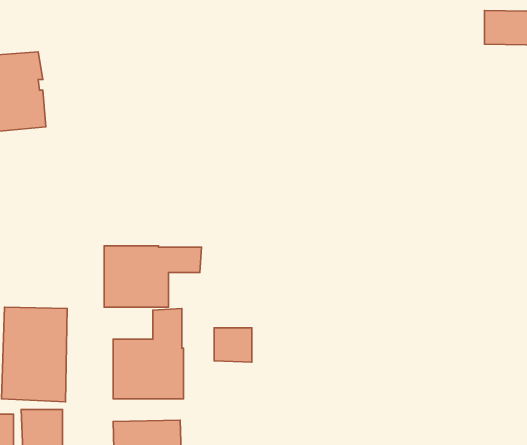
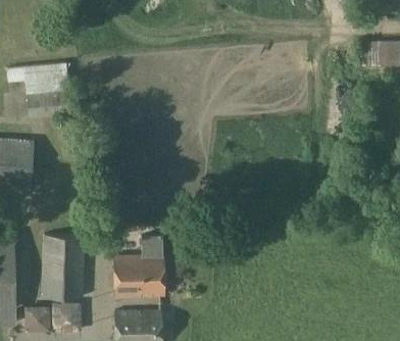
building: [104,246,202,307] -> none
building: [214,328,252,362] -> none

